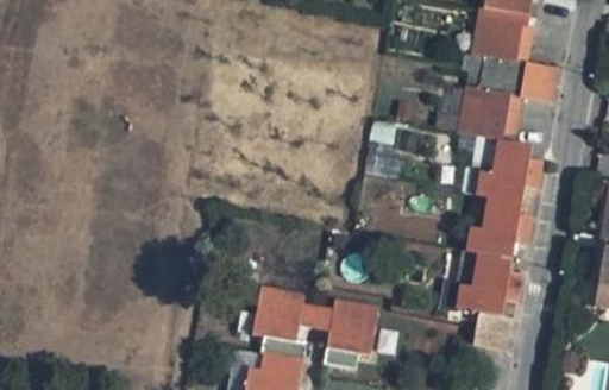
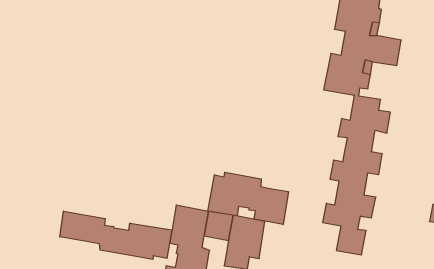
building: none -> [208,172,288,225]
building: none -> [60,211,172,259]

